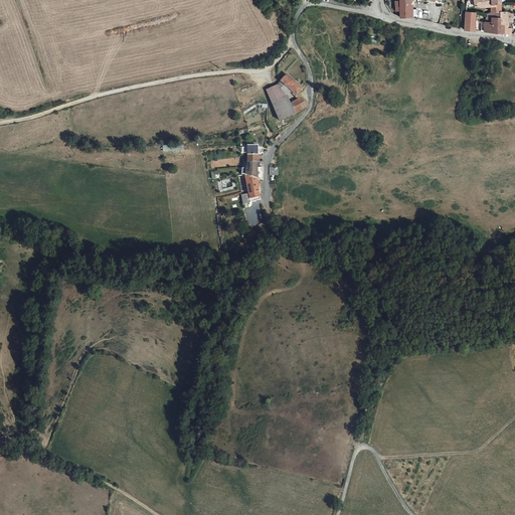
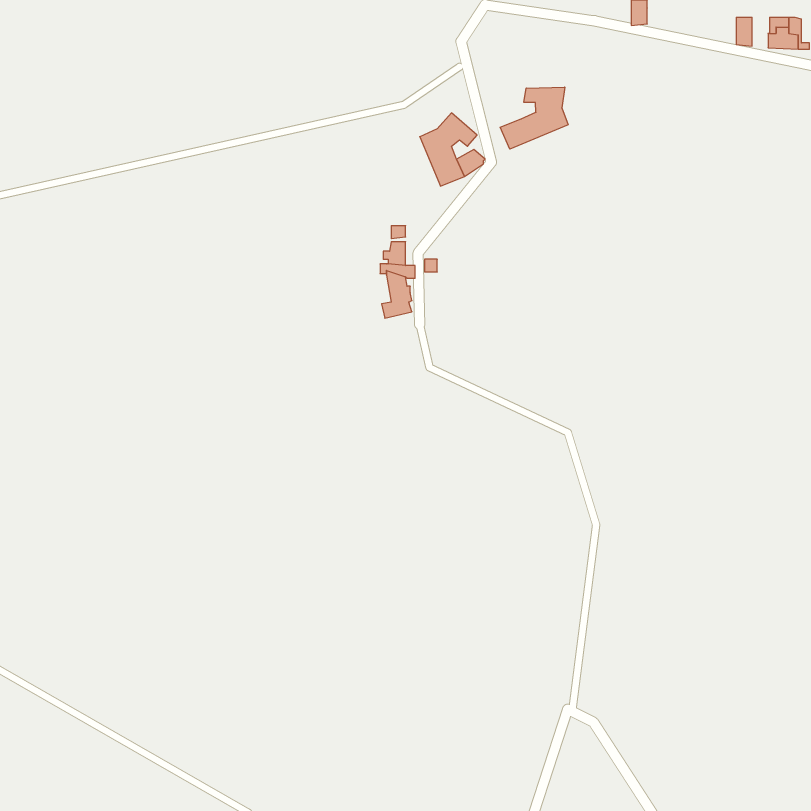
building: none -> [500,87,568,149]

